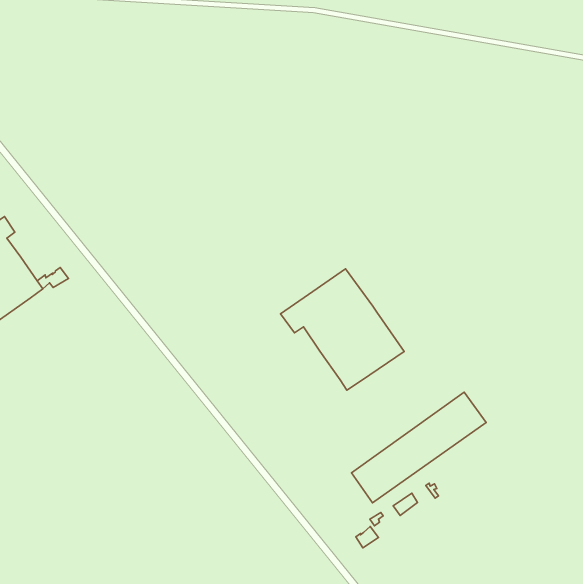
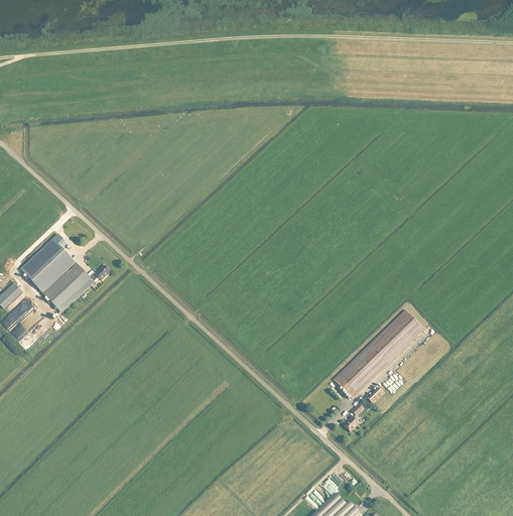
building: [281,269,404,390] -> none

